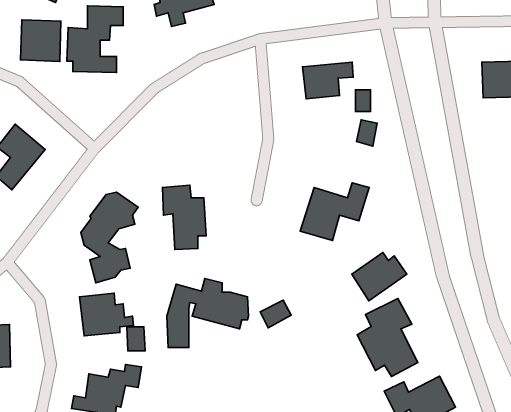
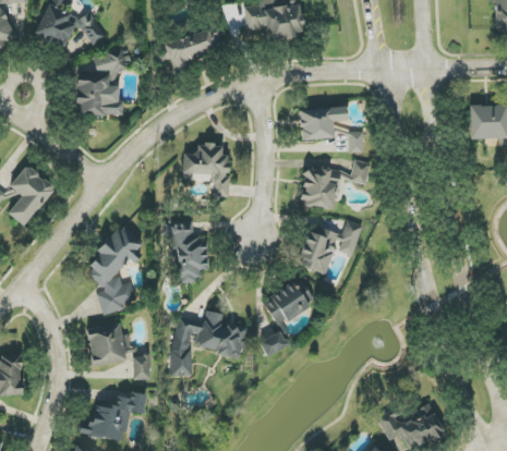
building: [20,20,61,61] -> none
building: none -> [182,144,229,197]
building: none -> [301,167,340,209]
building: [352,252,407,301] -> [262,281,314,327]
building: [357,298,418,376] -> none

